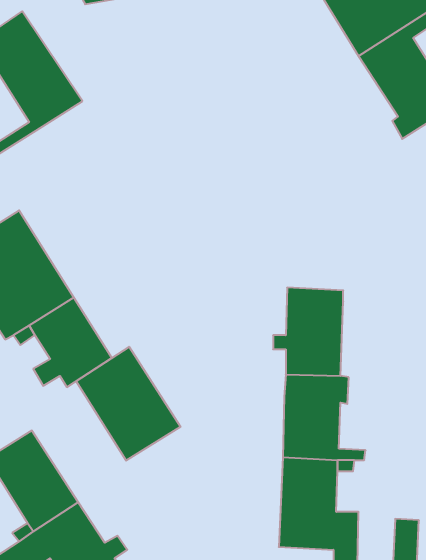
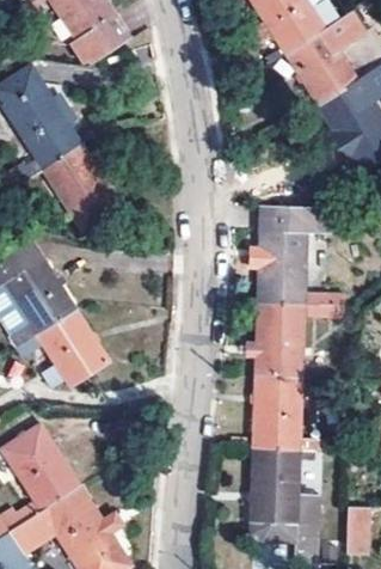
building: none -> [43,143,121,231]
building: none -> [257,207,342,307]
building: [76,347,180,461] -> none

